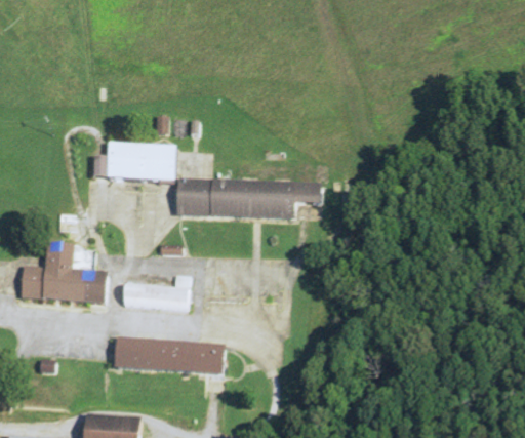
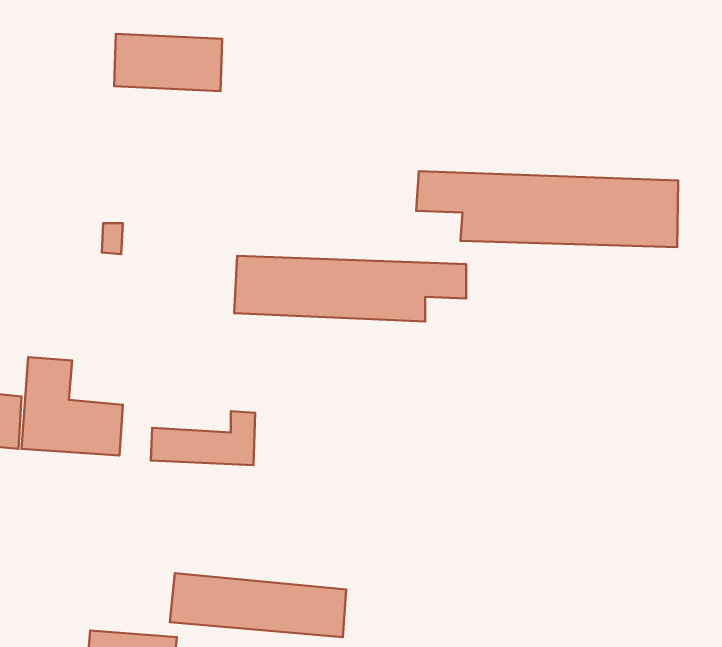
building: none -> [416,171,678,247]
building: [107,144,174,180] -> [114,34,222,91]
building: [114,335,225,375] -> [170,573,346,637]

